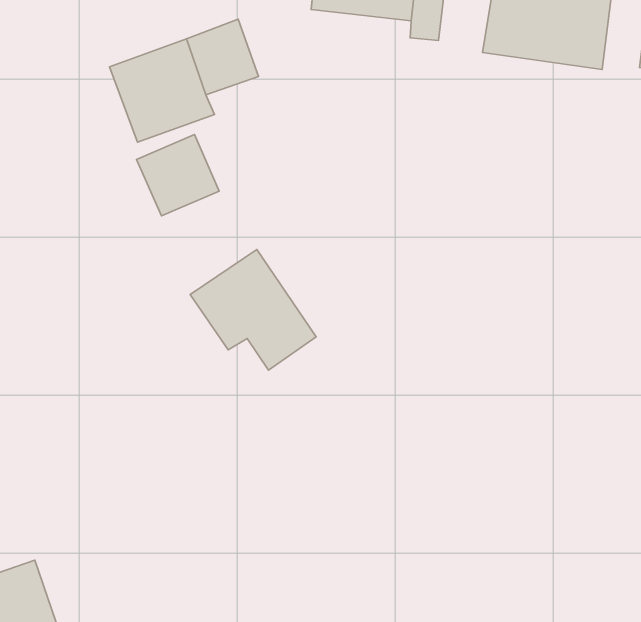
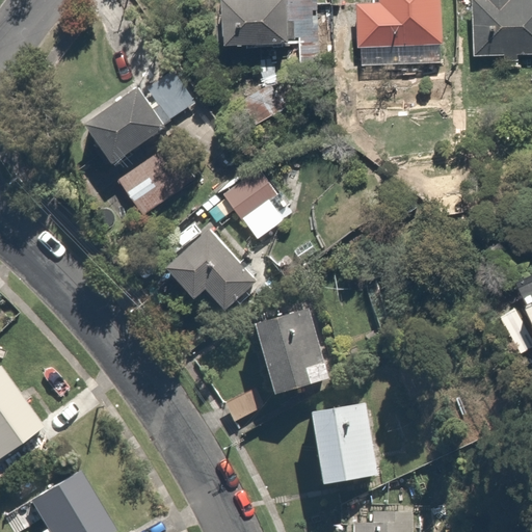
building: none -> [224,170,293,241]
building: none -> [252,304,328,390]
building: none -> [309,401,376,477]

